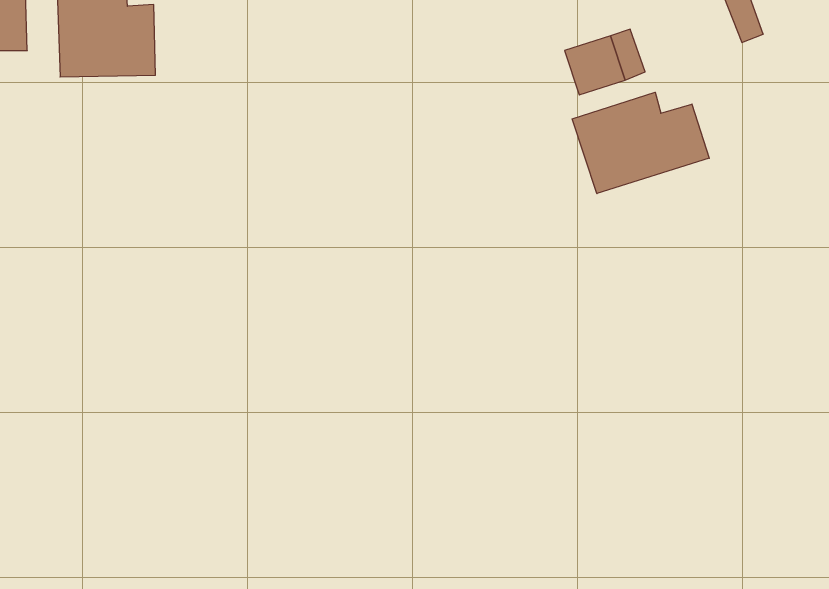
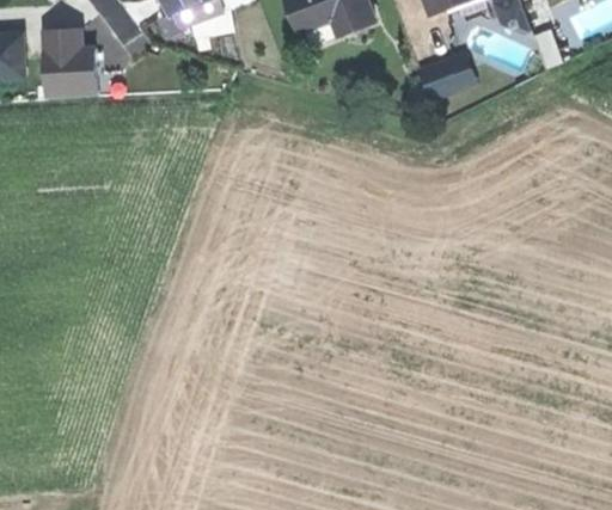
building: [572,92,709,194] -> none

